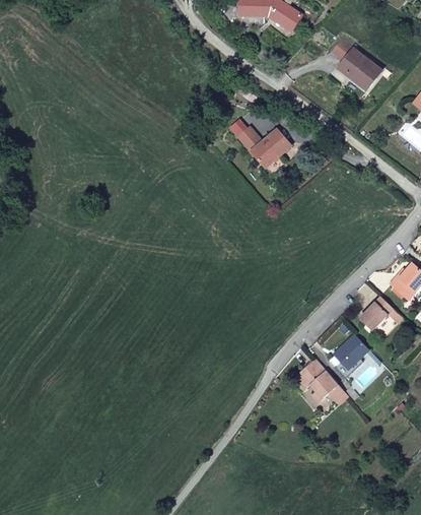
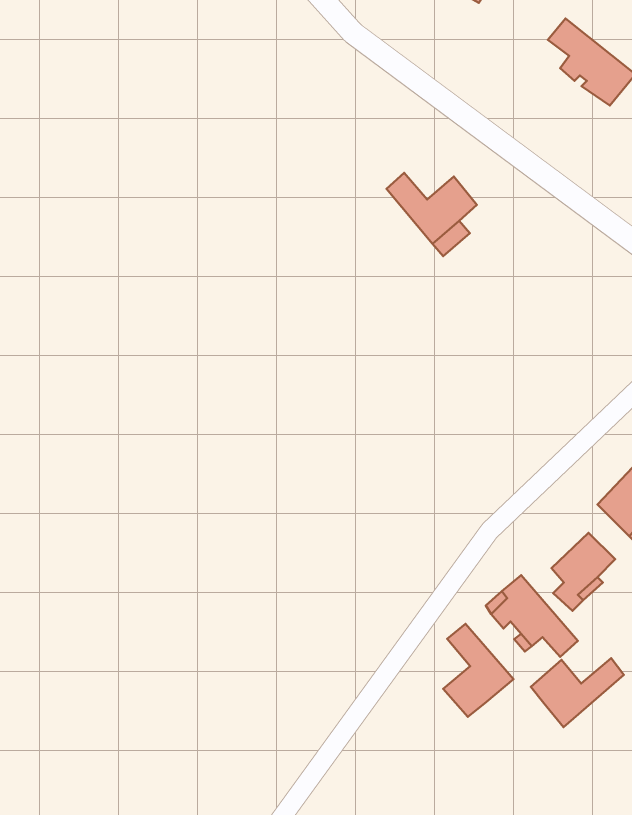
building: none -> [443,624,514,717]
building: none -> [531,658,624,727]

